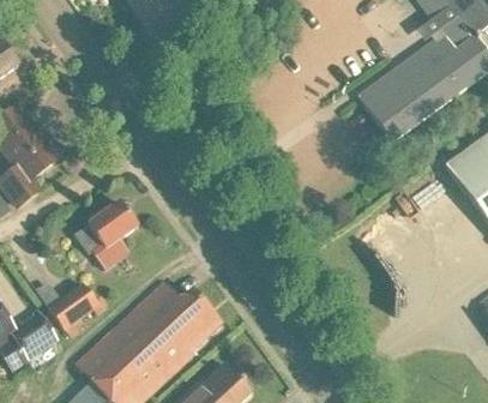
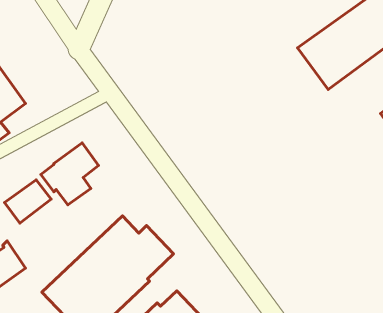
building: [49,282,101,330] -> [4,180,51,223]

